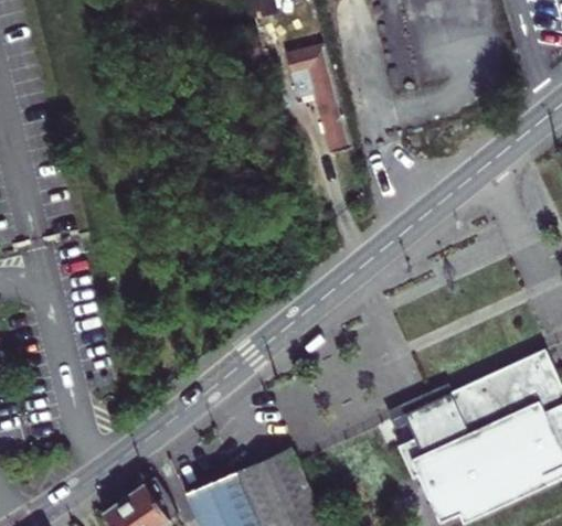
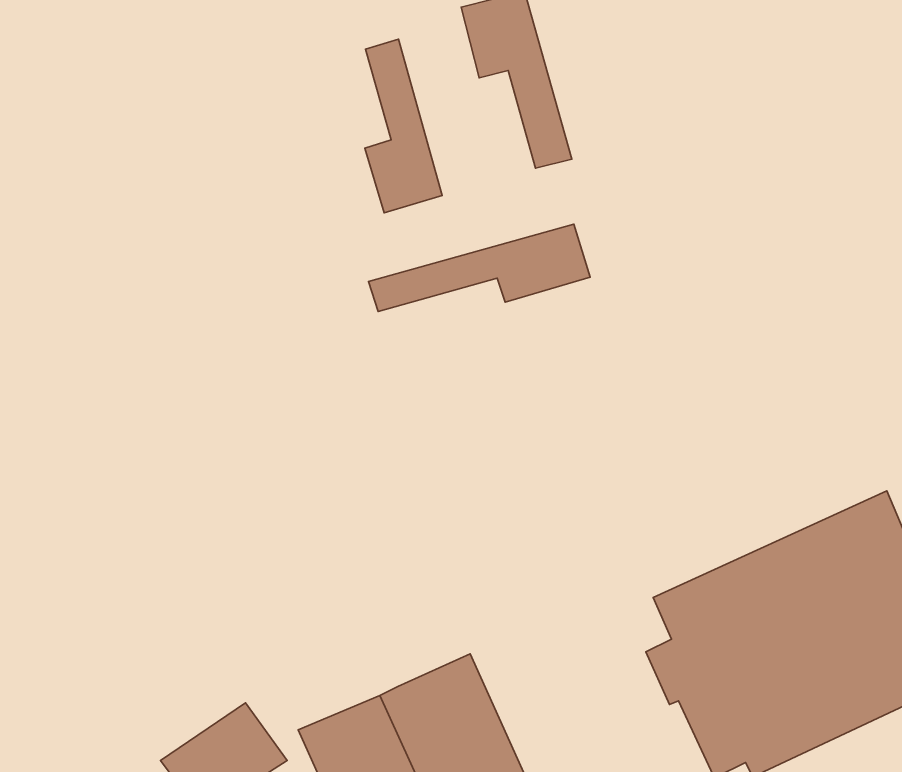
building: none -> [365,39,442,213]
building: none -> [369,224,590,312]

